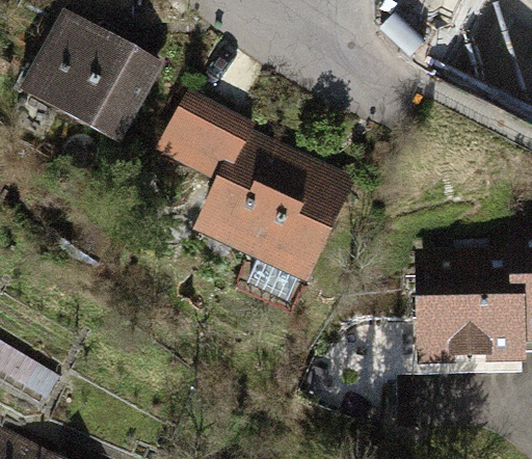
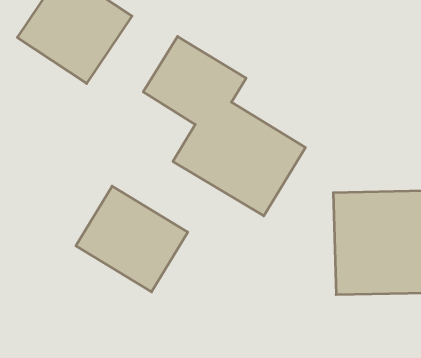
building: none -> [76,186,188,292]

